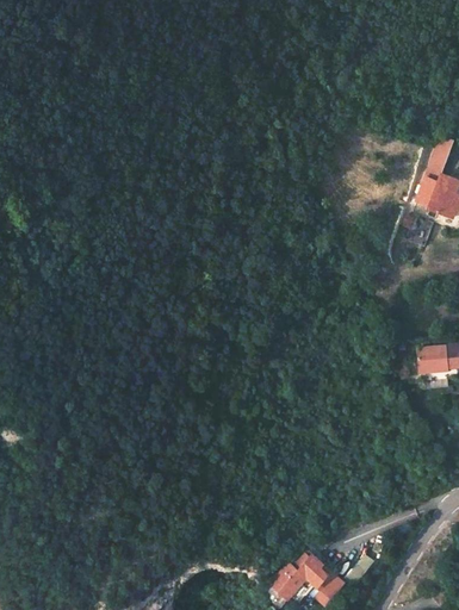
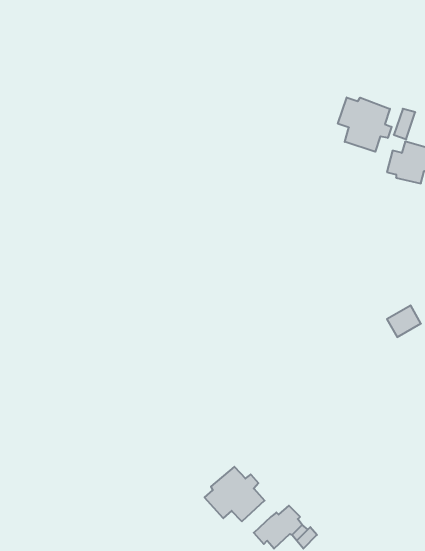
building: none -> [338,97,392,152]
building: none -> [205,467,265,521]

